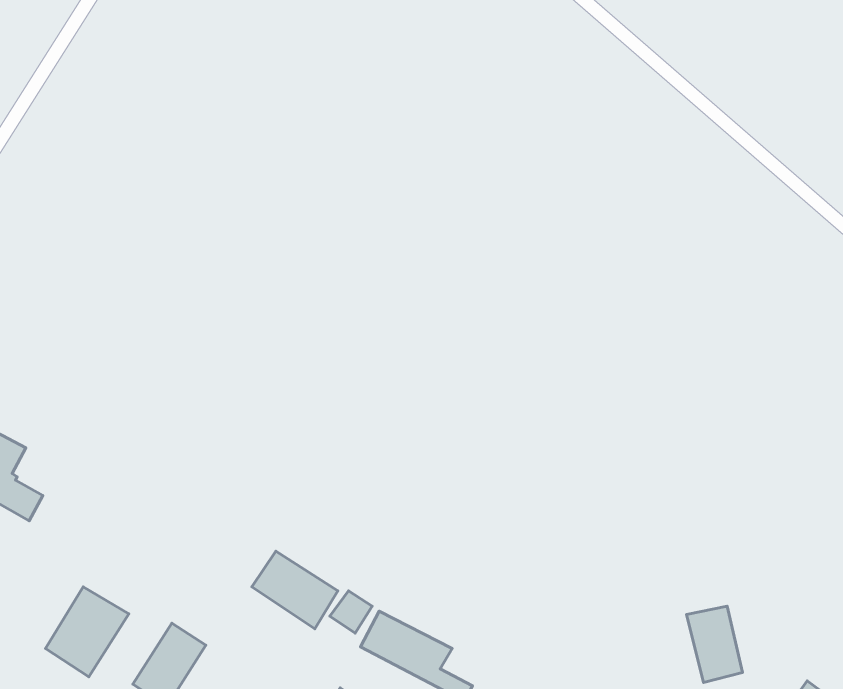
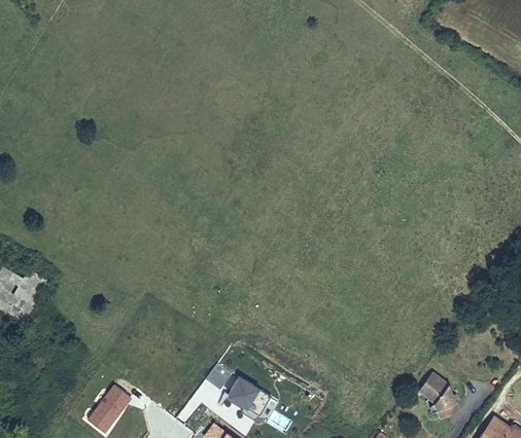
building: [252,551,338,629] -> none
building: [46,587,129,677] -> none

